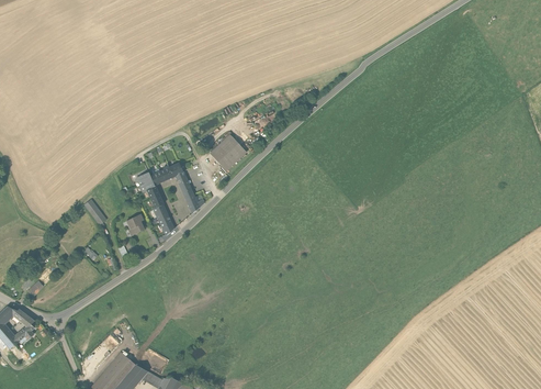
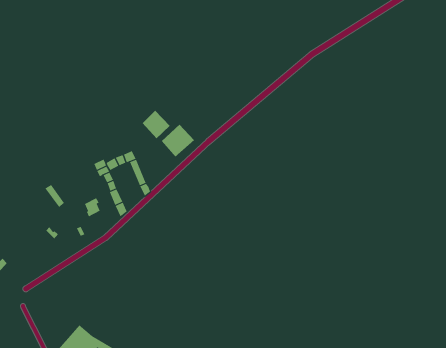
building: none -> [142,110,171,139]

